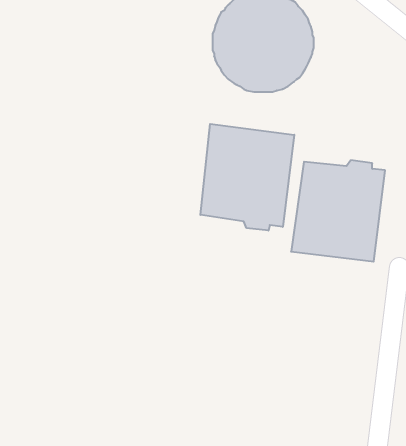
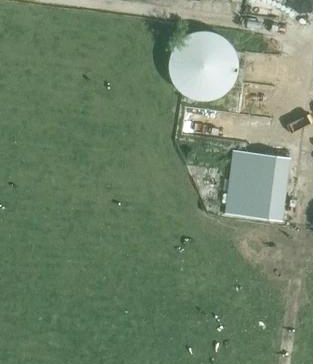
building: [200,124,294,231] -> none

